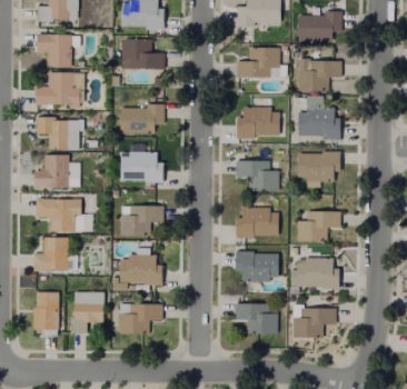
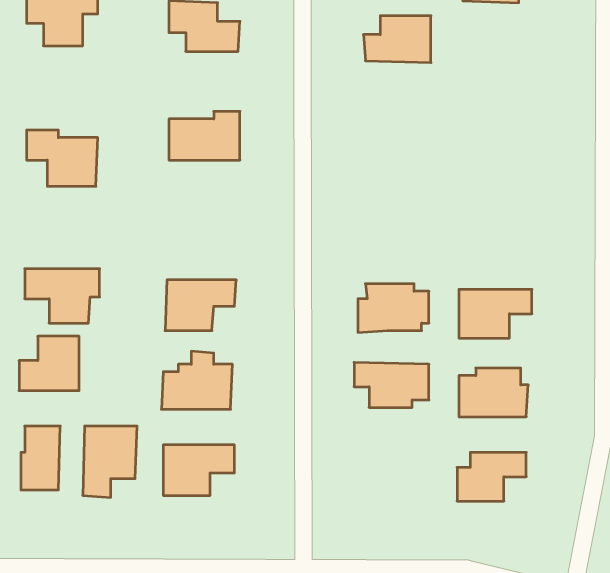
building: [298,51,339,90] -> none
building: [36,74,81,104] -> none
building: [235,100,276,138] -> none
building: [297,109,337,139] -> none
building: [121,144,160,181] -> none
building: [296,151,336,188] -> none
building: [36,157,68,188] -> none
building: [235,160,280,190] -> none
building: [234,303,276,332] -> none

